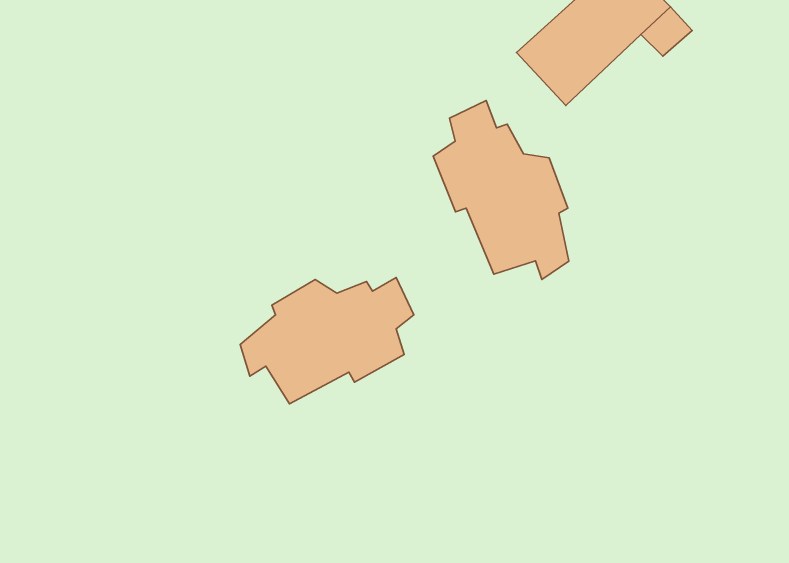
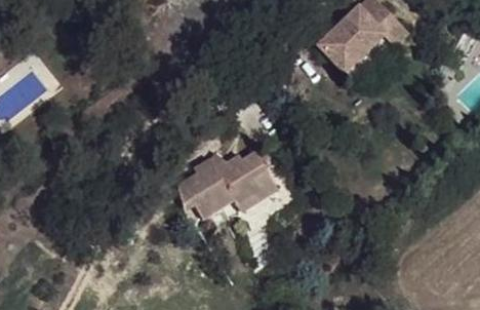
building: [433,101,569,279] -> none

